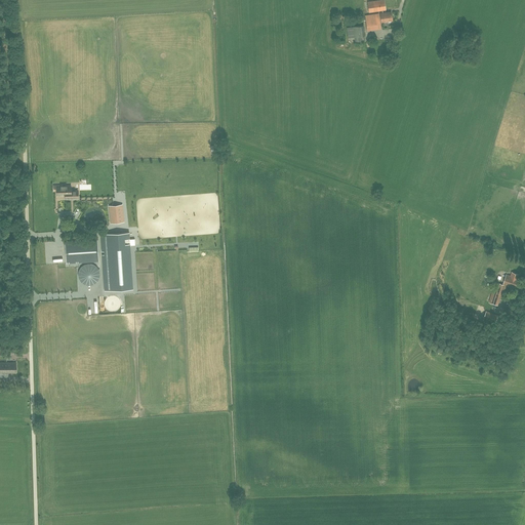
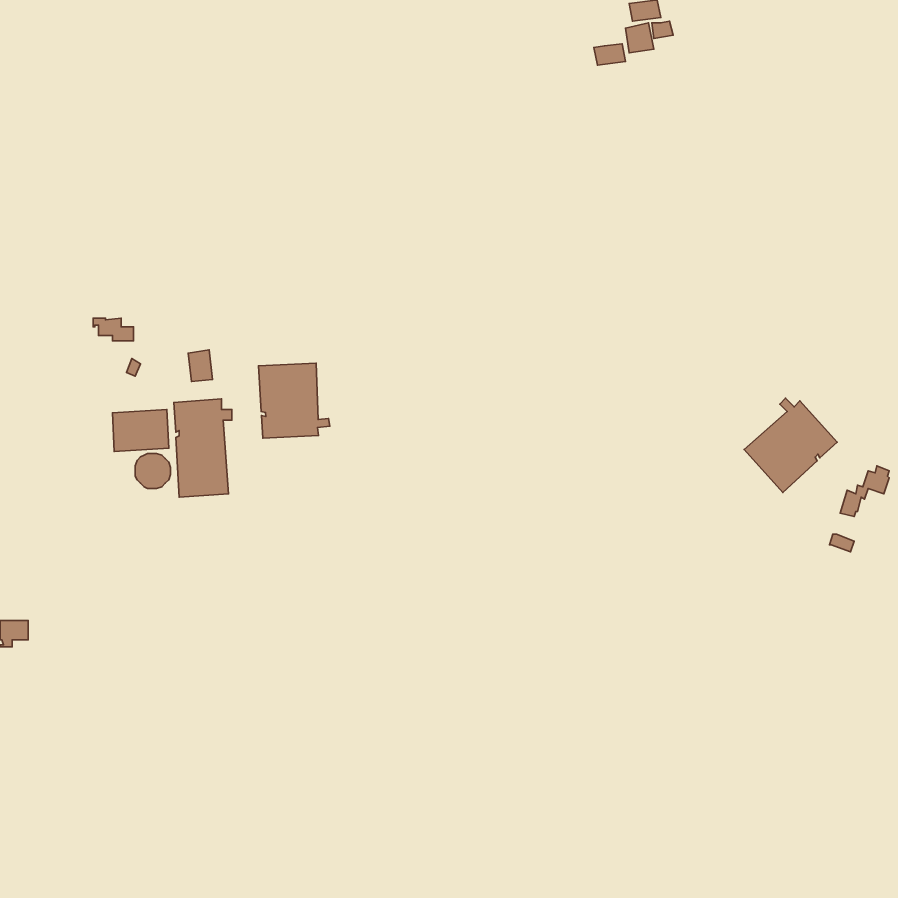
building: none -> [258,363,330,438]
building: none -> [744,398,837,492]

